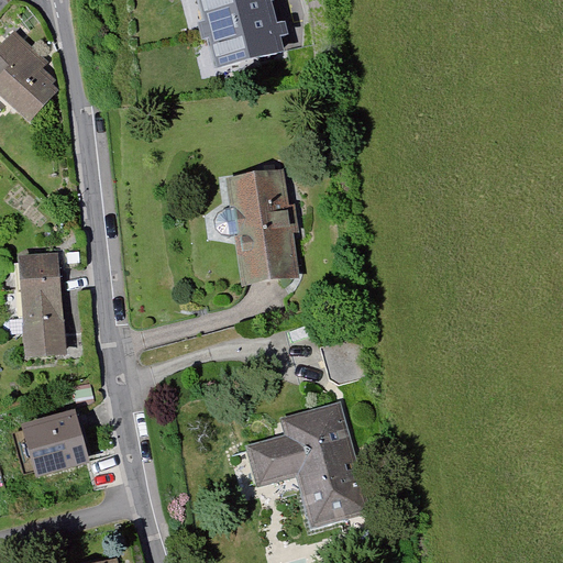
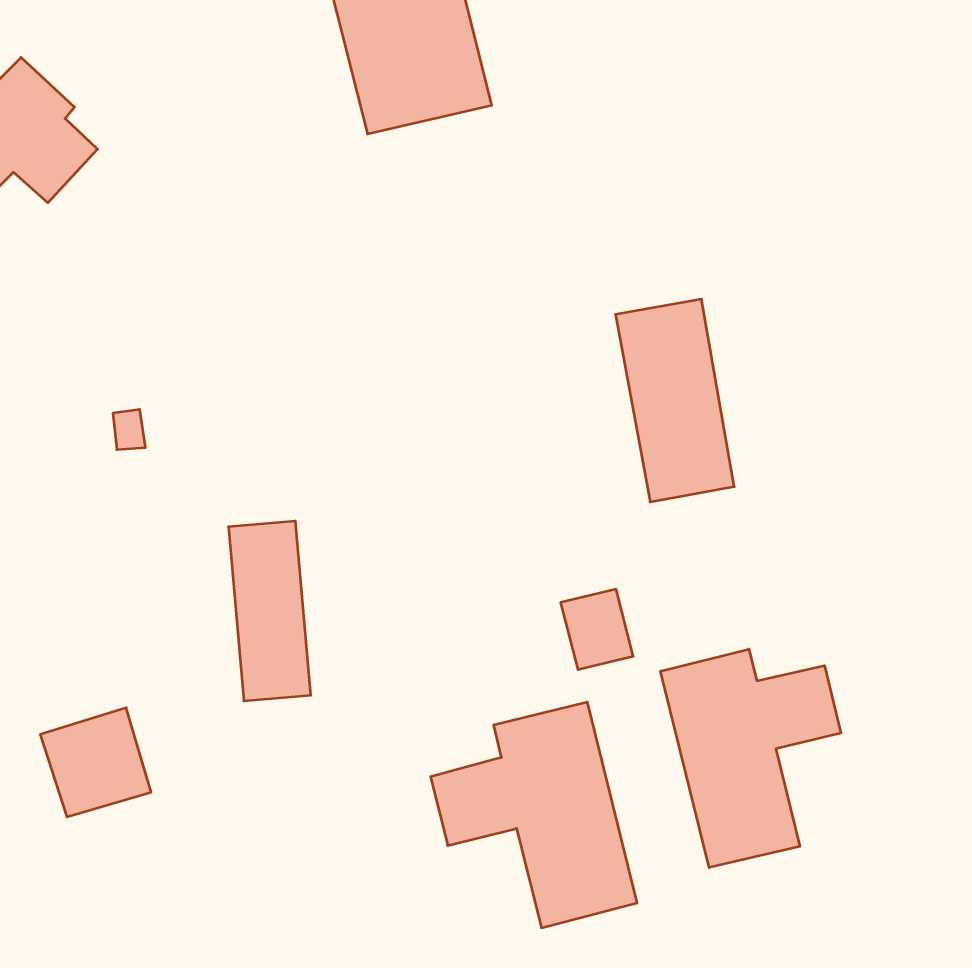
building: [227,167,295,284] -> [616,299,734,502]
building: [21,247,68,351] -> [228,521,311,701]
building: none -> [661,649,841,868]

